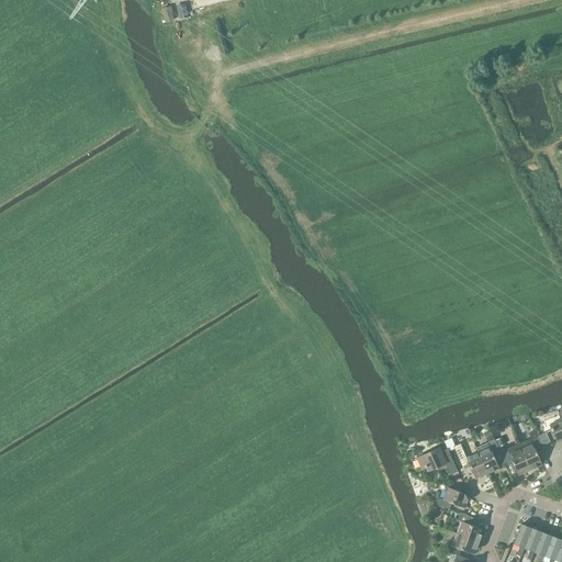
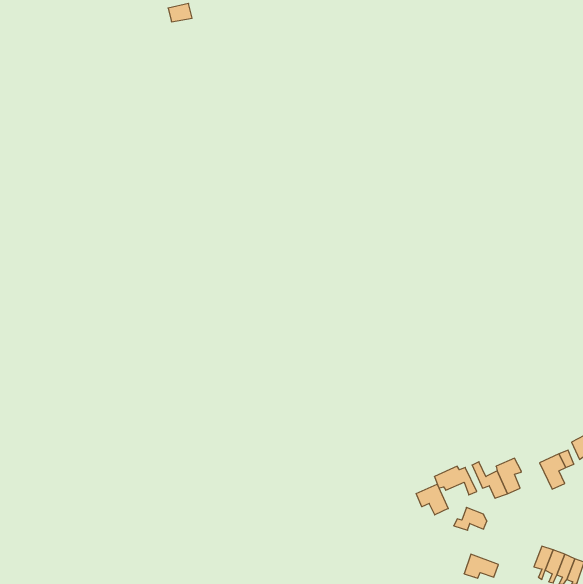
building: [502,445,531,475] -> none
building: none -> [416,484,448,515]
building: [453,514,484,542] -> none

